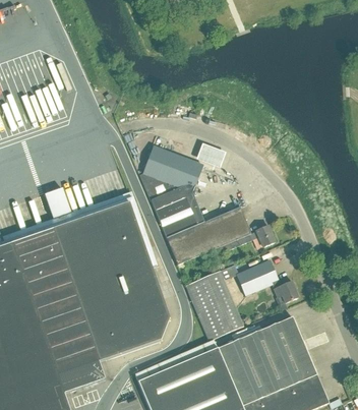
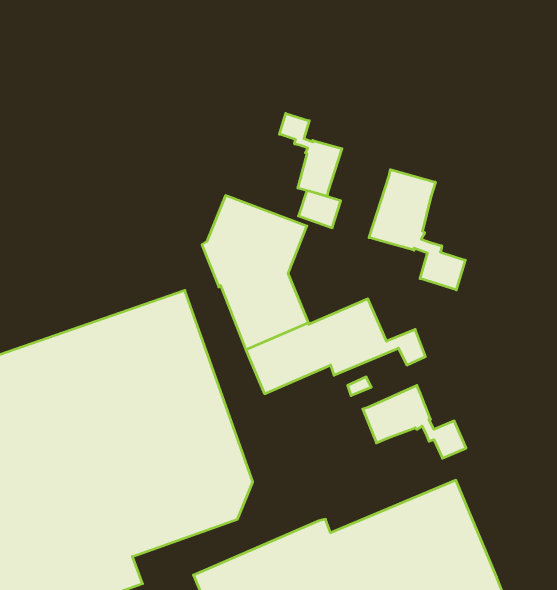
building: none -> [279,113,342,196]
building: none -> [369,170,465,290]
building: [185,270,243,340] -> none

